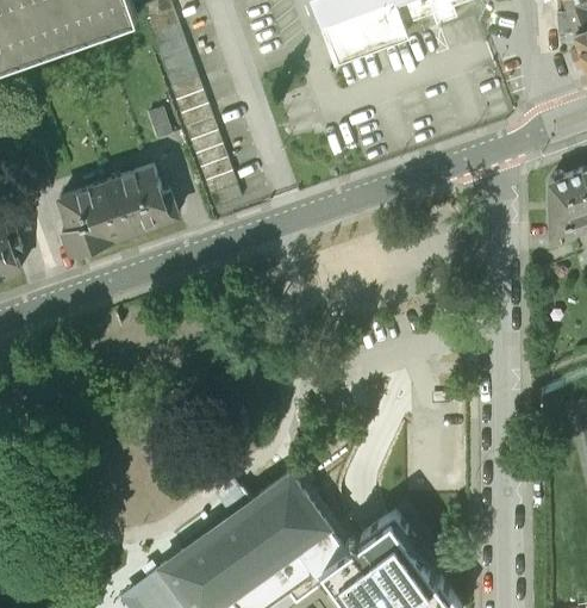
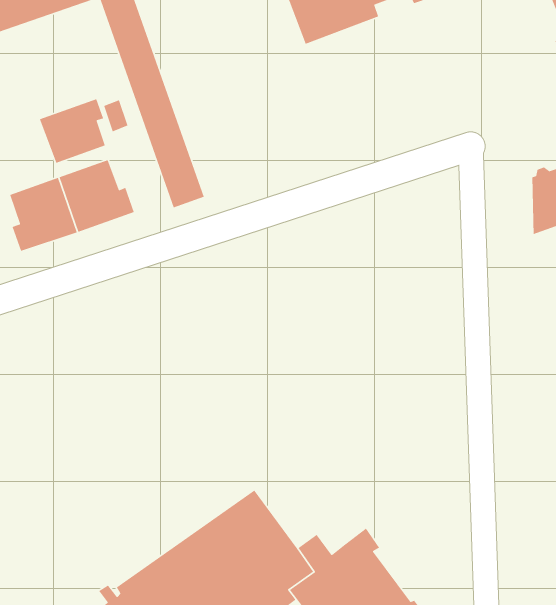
building: none -> [39,98,106,164]

